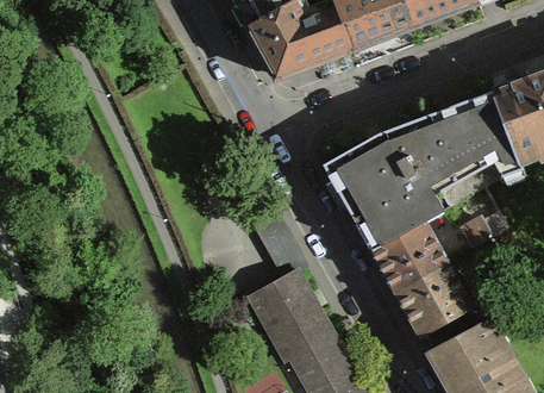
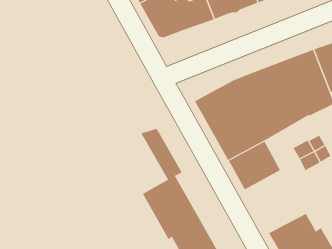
building: [394,263,470,335] -> none

